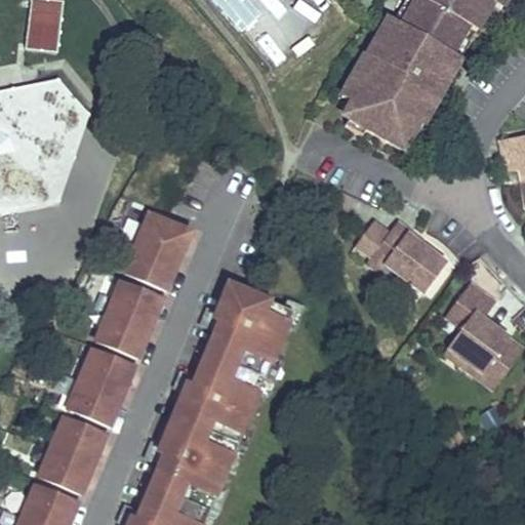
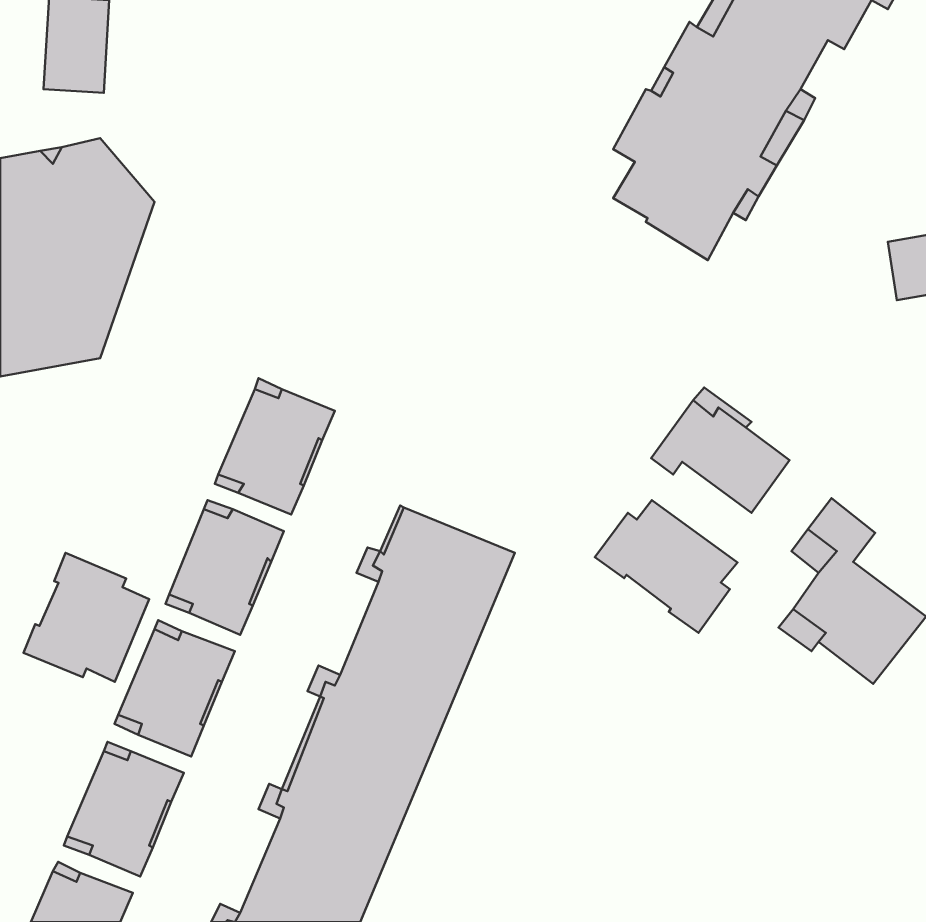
building: none -> [595,500,738,633]
building: none -> [24,553,149,682]

